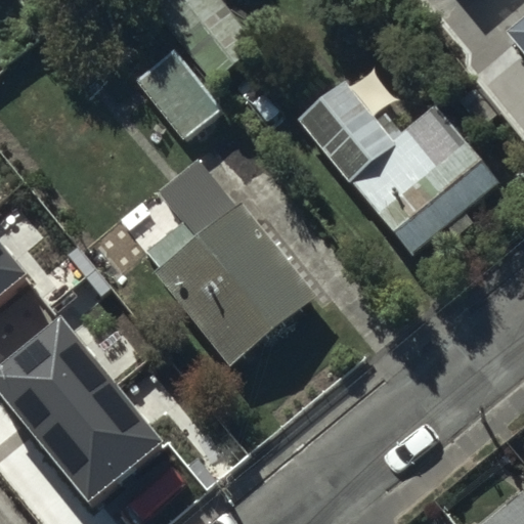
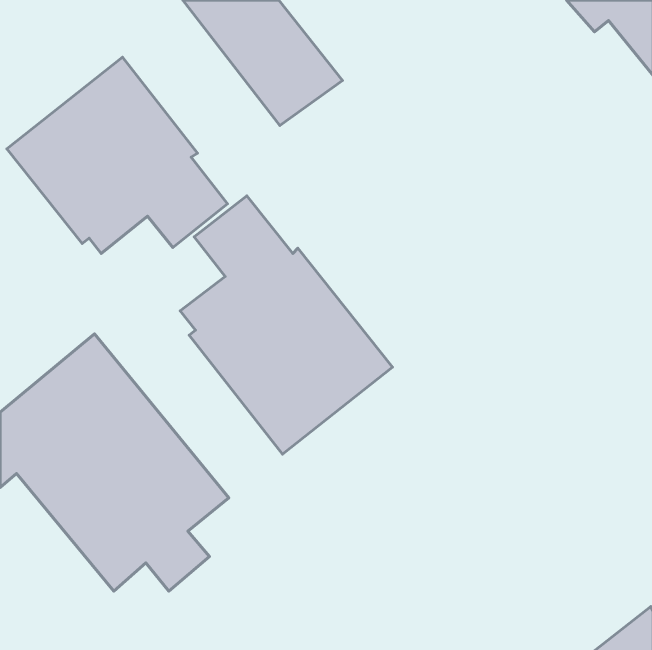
building: none -> [7,57,227,254]
building: [297,82,499,254] -> none

